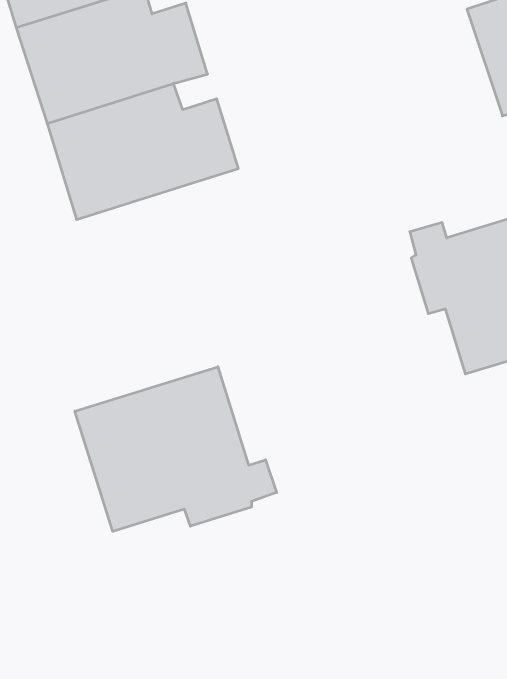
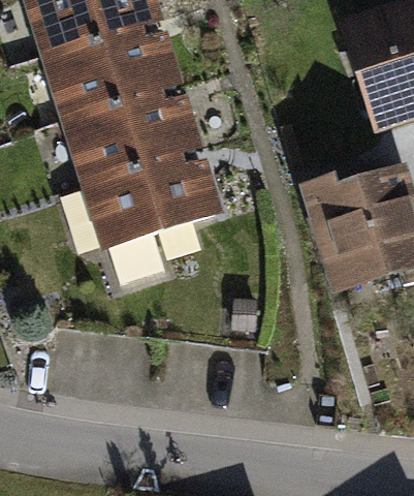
building: none -> [88,154,215,283]
building: [75,367,277,531] -> none

